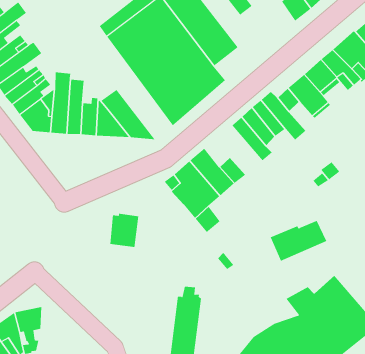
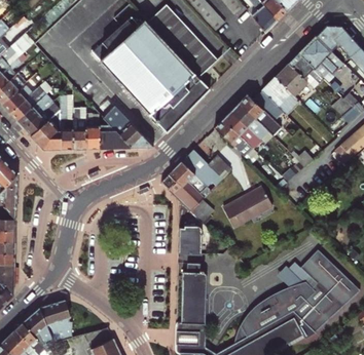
building: [110,213,139,248] -> [179,226,203,254]
building: [270,220,327,262] -> [222,190,272,229]

